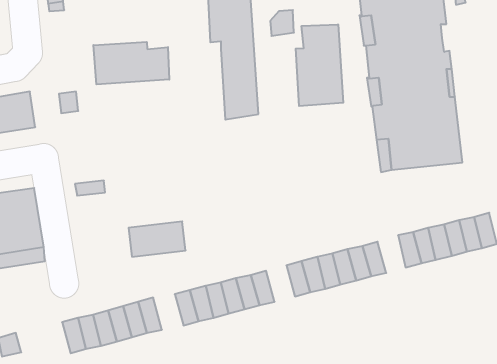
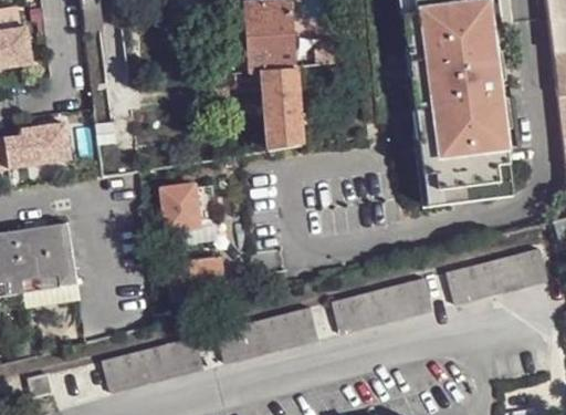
building: [296,24,343,106] -> none
building: [93,42,169,84] -> none
building: none -> [161,183,218,230]

